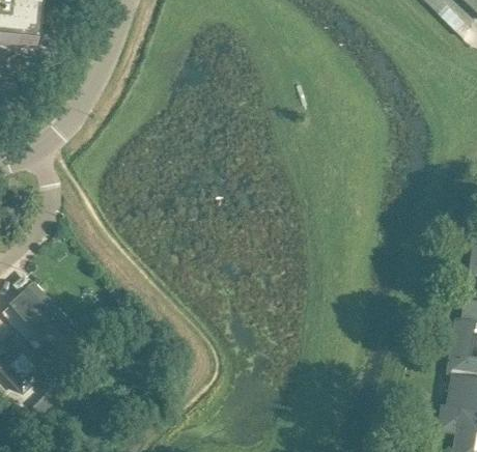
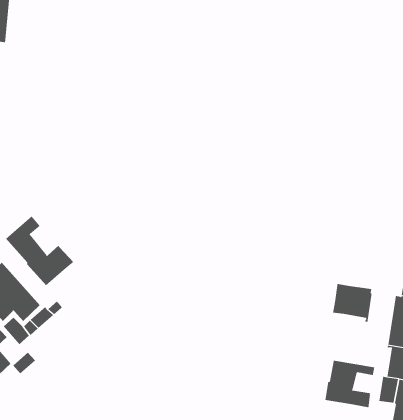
building: none -> [5,216,74,286]
building: none -> [332,283,372,323]
building: none -> [325,360,375,408]

